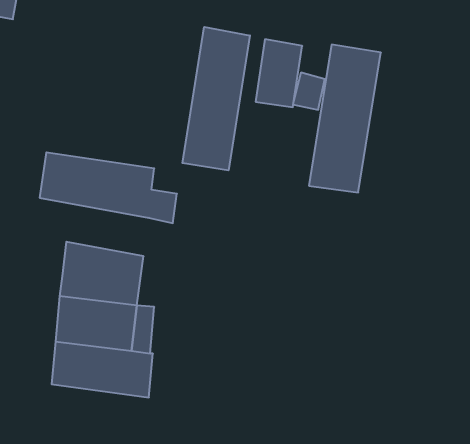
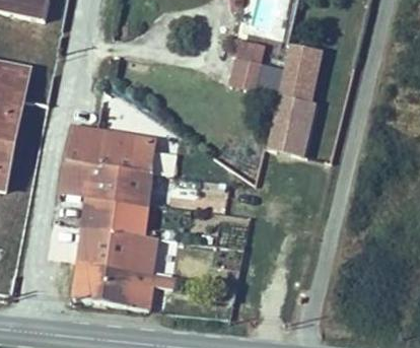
building: [182,27,250,170] -> none
building: none -> [60,156,148,201]

